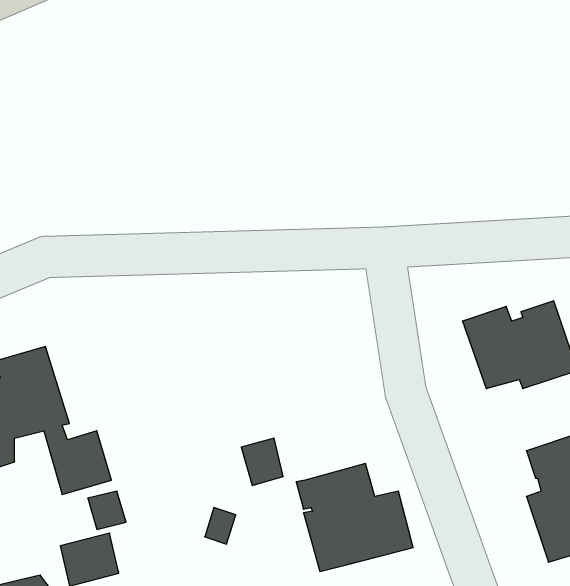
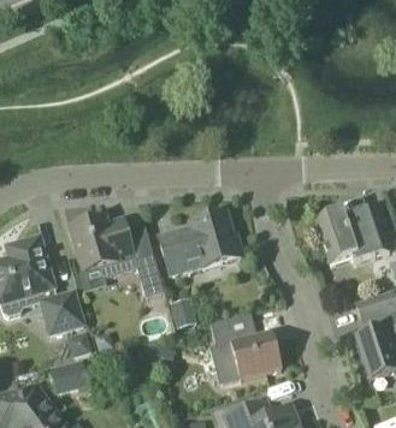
building: none -> [158,209,243,273]
building: none -> [70,216,164,296]

